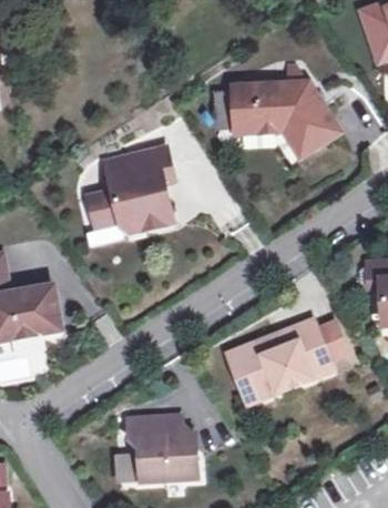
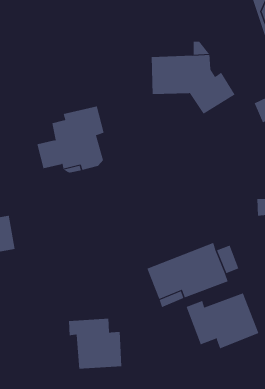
building: none -> [186,292,259,349]

